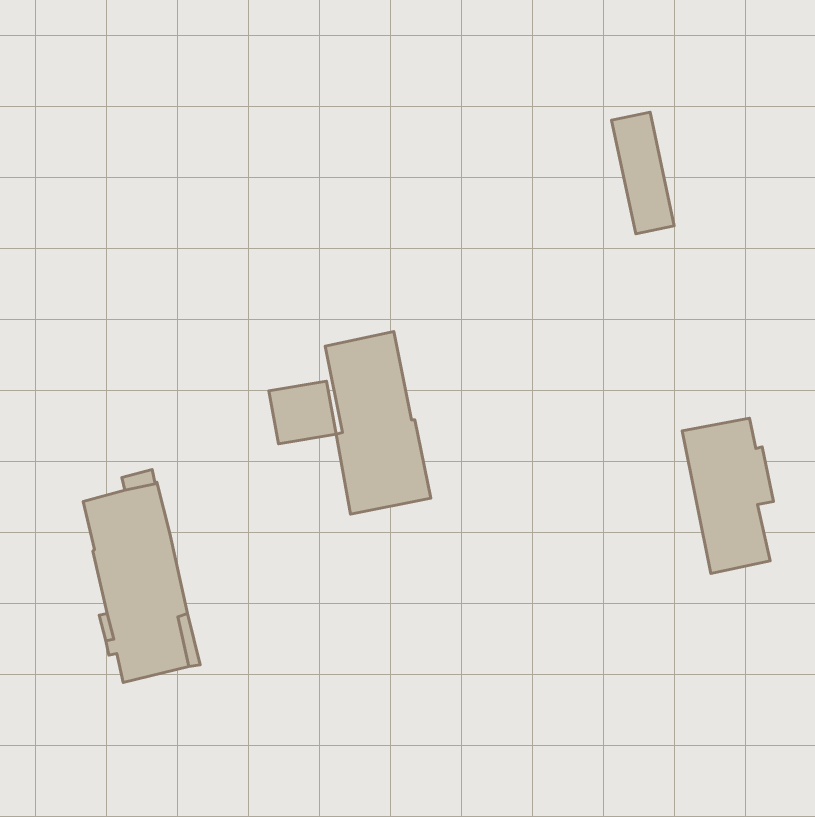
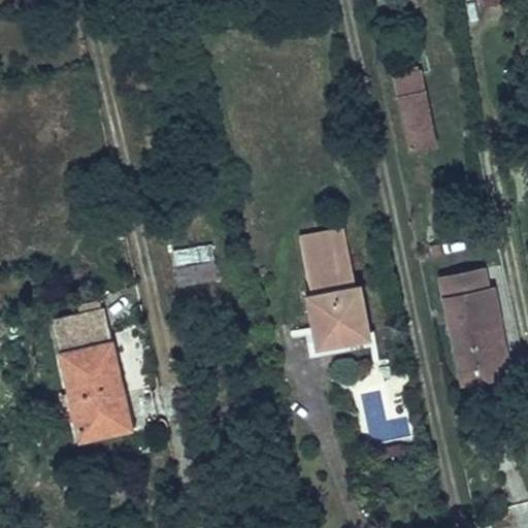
building: [325,332,431,514] -> [300,231,368,349]
building: none -> [460,324,508,386]
building: none -> [368,396,410,440]

